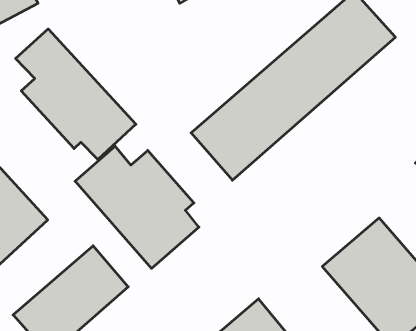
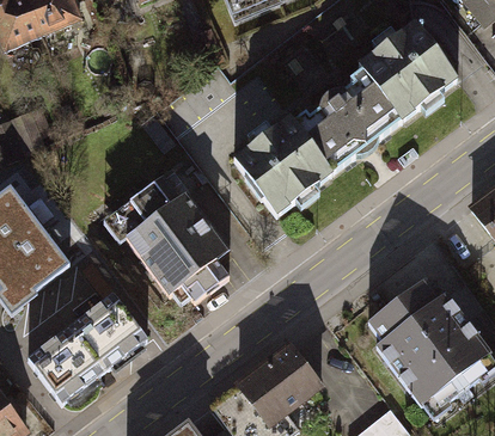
building: [16,29,136,159] -> none

